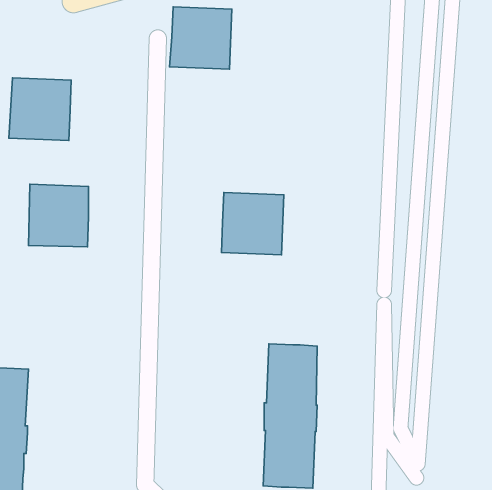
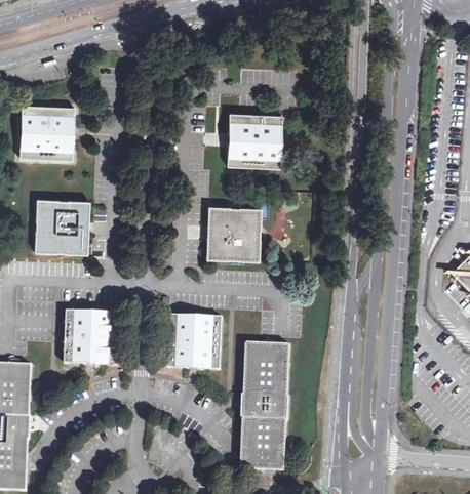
building: [170,7,232,69] -> [225,113,280,168]
building: none -> [64,311,119,364]
building: none -> [166,313,221,368]

